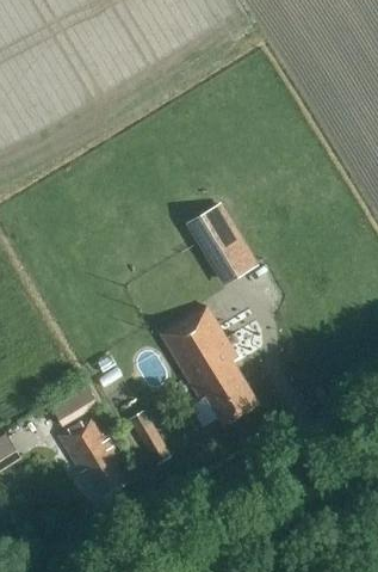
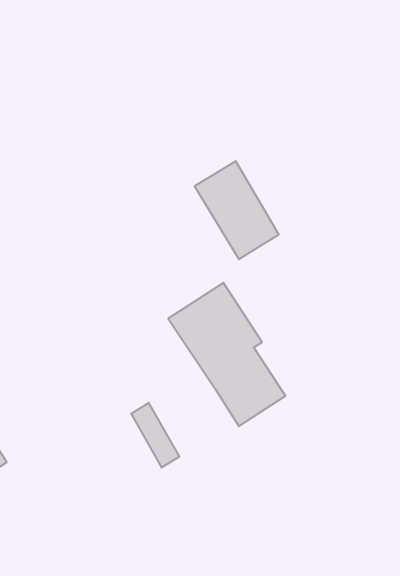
building: [51,387,97,426] -> none
building: [56,413,134,498] -> none

